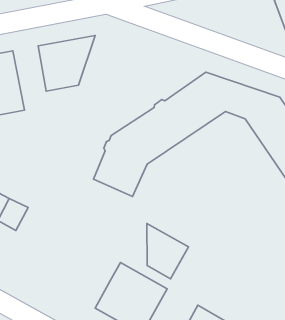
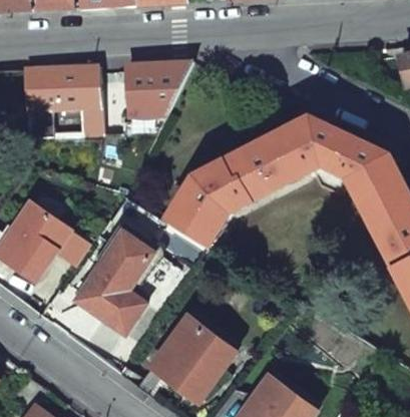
building: none -> [75,232,156,334]
building: [147,223,188,279] -> none

